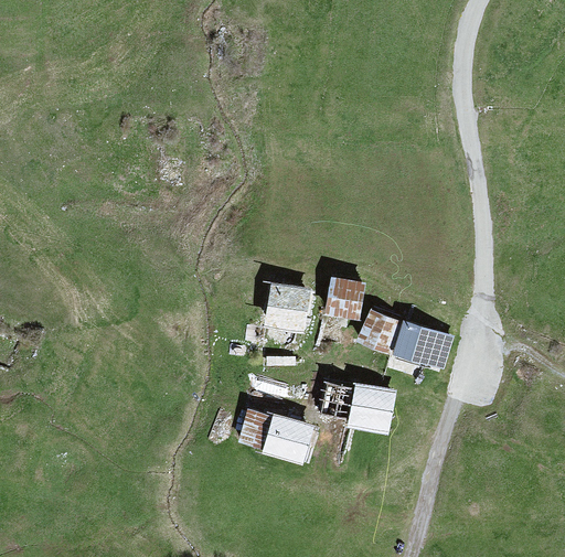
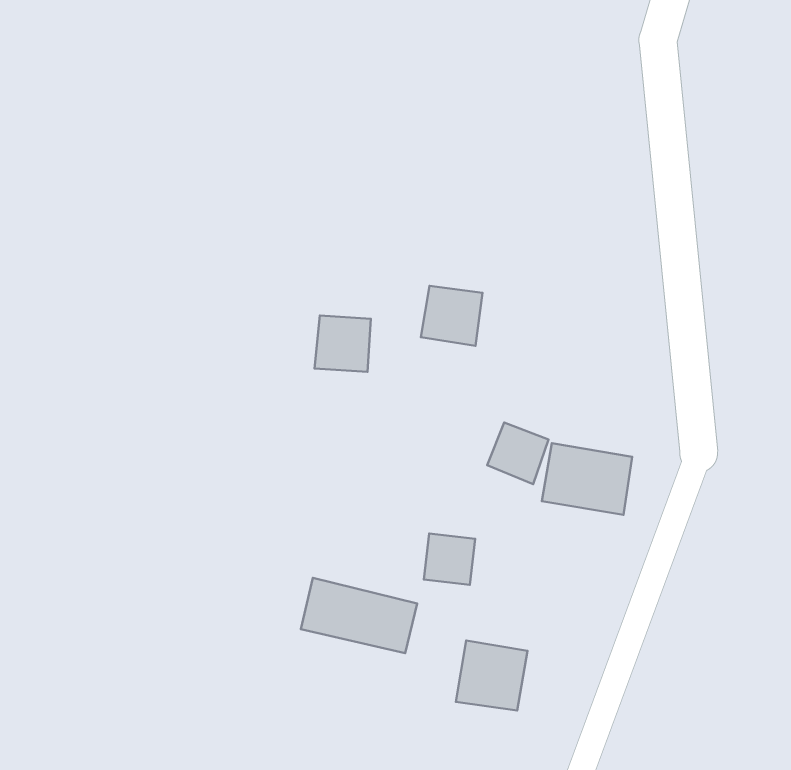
building: [324,279,364,318] -> [421,286,482,346]
building: [270,287,307,323] -> [315,315,371,372]
building: [352,383,398,428] -> [456,640,528,710]

